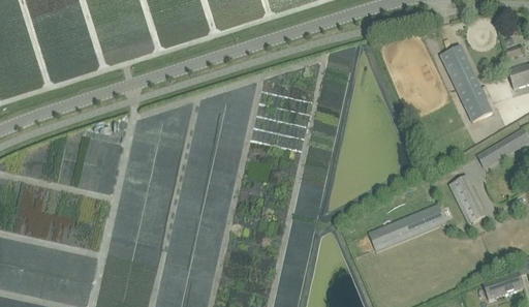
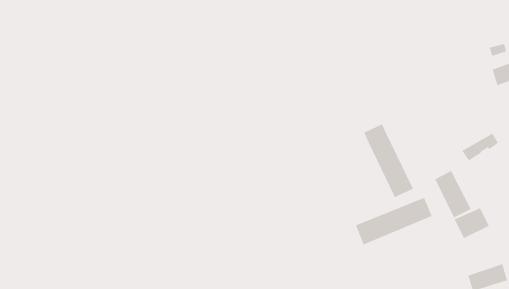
building: [441,47,493,123] -> [363,124,414,198]
building: none -> [454,207,489,239]

